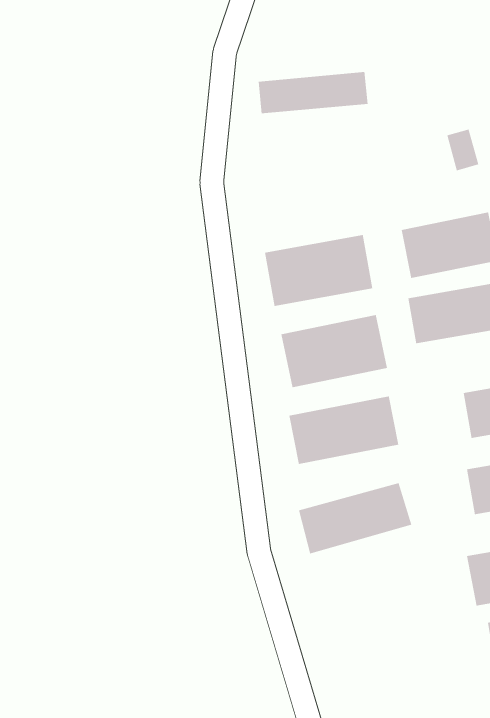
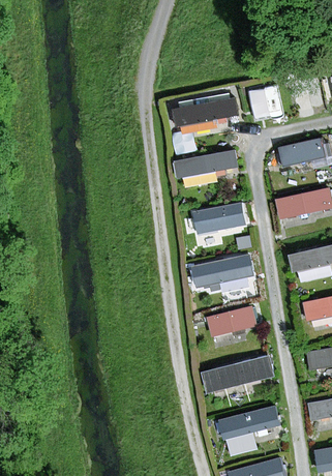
building: [258,72,368,114] -> [165,93,236,120]
building: none -> [244,81,282,118]
building: none -> [209,353,277,400]
building: none -> [222,405,291,452]

